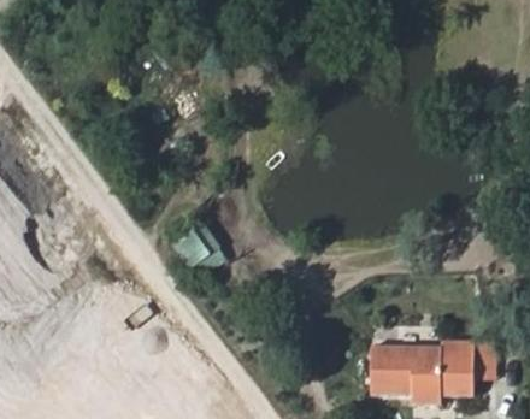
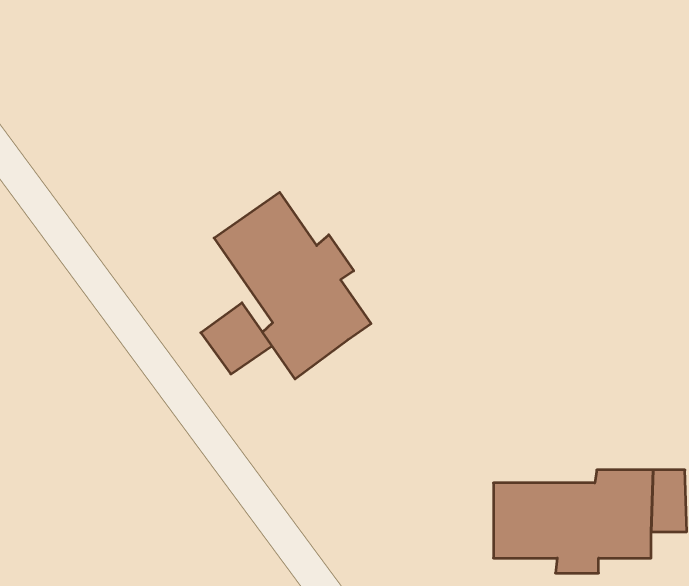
building: none -> [214,192,371,379]

